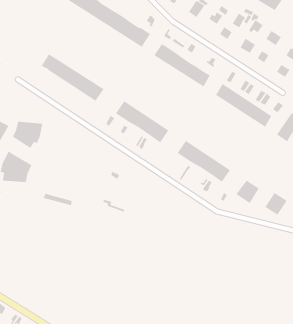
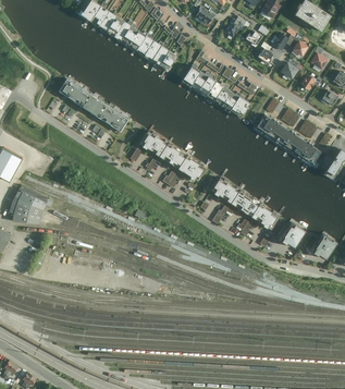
building: [12,121,43,149] -> none

